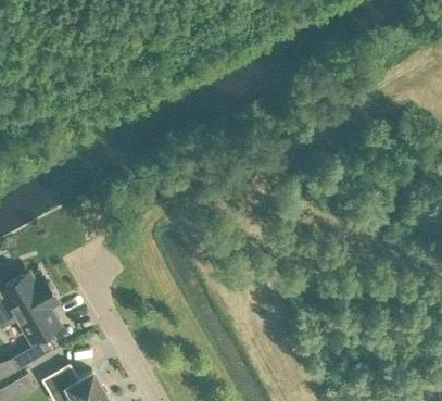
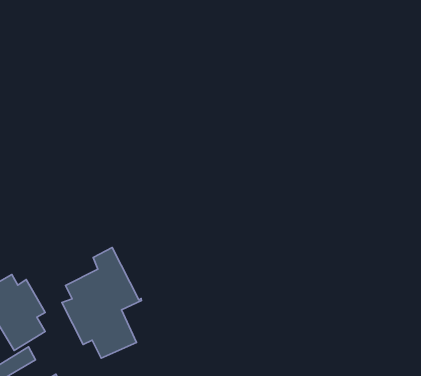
building: none -> [62,247,142,358]

